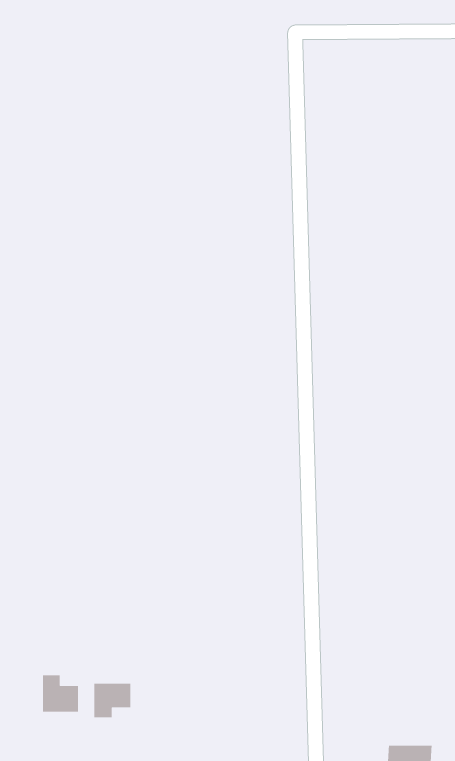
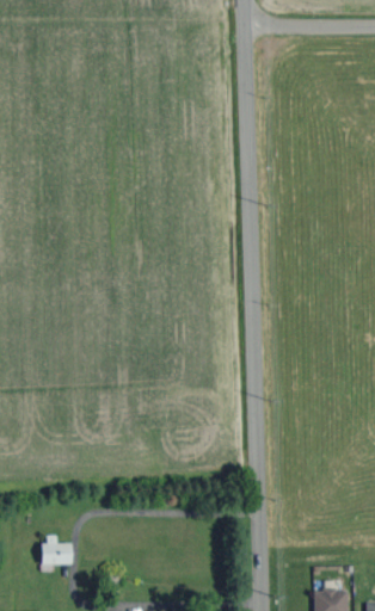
building: [94,683,131,718] -> none

